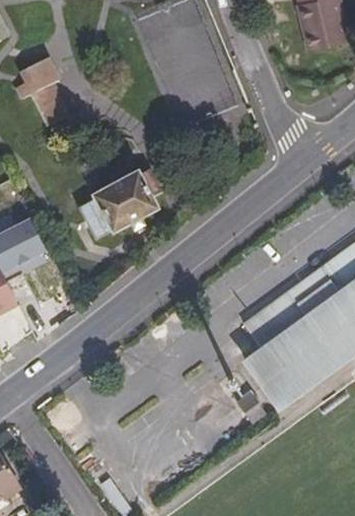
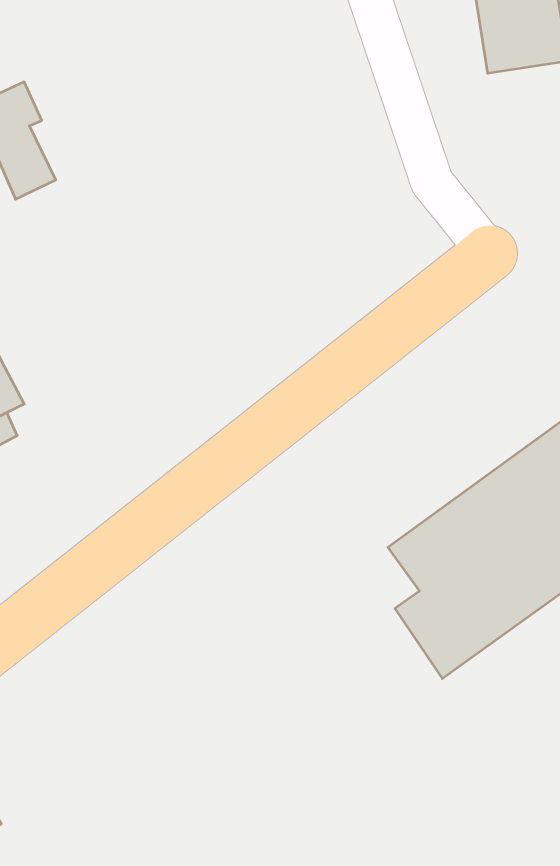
building: [78,172,156,240] -> none

